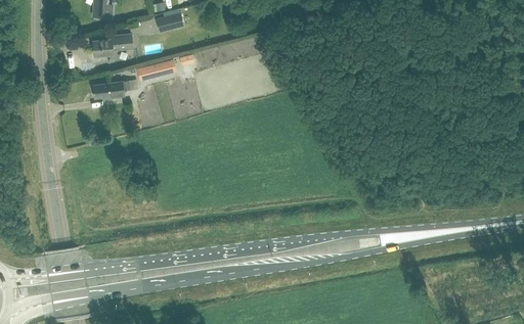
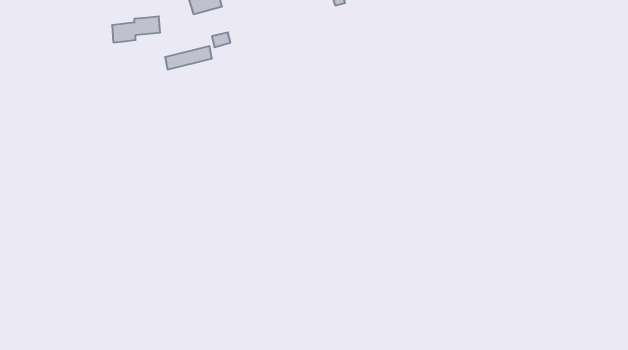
building: [92,80,131,98] -> none

